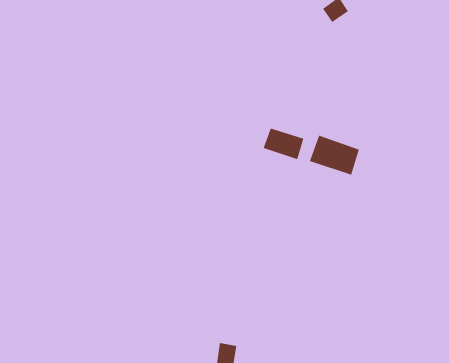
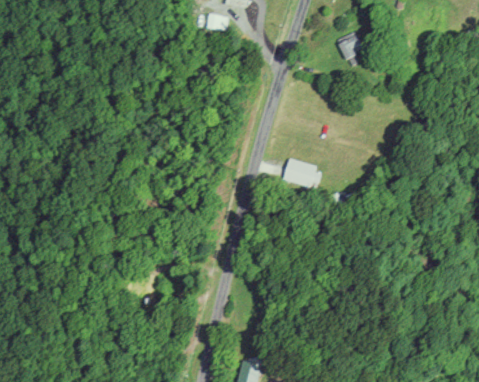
building: [309,135,360,176] -> none

